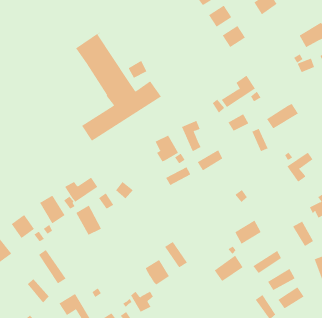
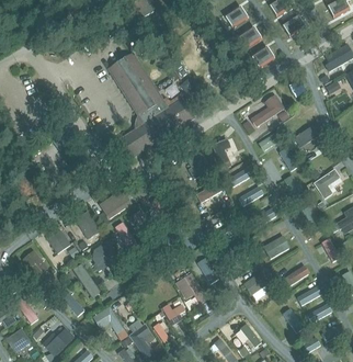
building: none -> [92,245,115,271]

